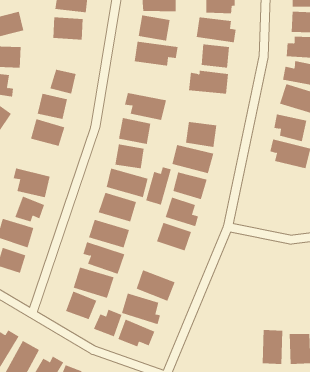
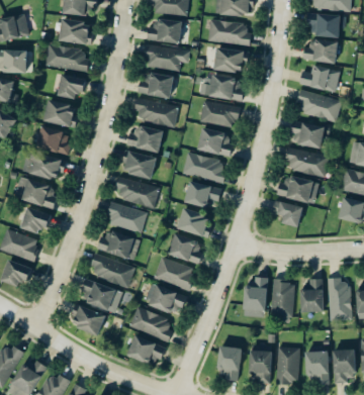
building: none -> [46,43,89,72]
building: none -> [140,73,172,97]
building: none -> [200,102,239,126]
building: none -> [22,151,65,182]
building: [145,166,172,205] -> none
building: none -> [276,177,318,203]
building: none -> [272,201,301,226]
building: none -> [154,257,195,290]
building: none -> [243,277,267,316]
building: none -> [271,280,294,320]
building: none -> [300,280,323,312]
building: [93,309,122,337] -> none
building: none -> [216,347,242,380]
building: none -> [249,347,272,381]

